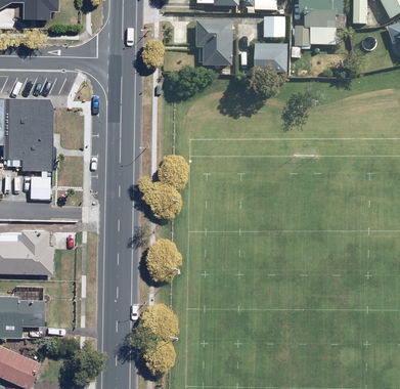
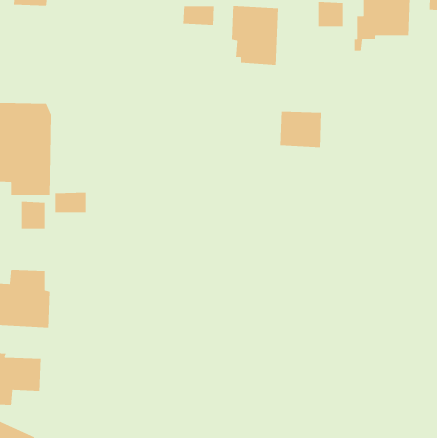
building: none -> [183,5,215,26]
building: [254,43,287,73] -> [279,111,322,148]
building: none -> [55,192,87,213]

